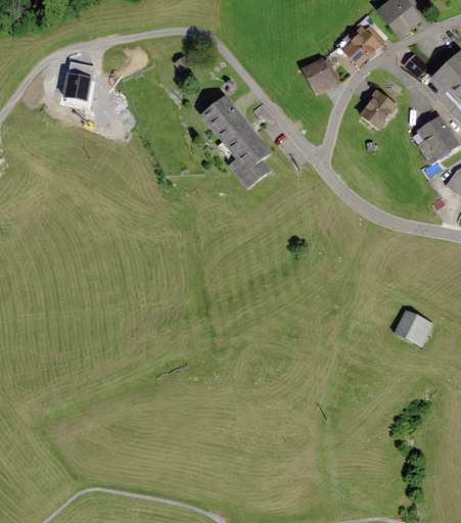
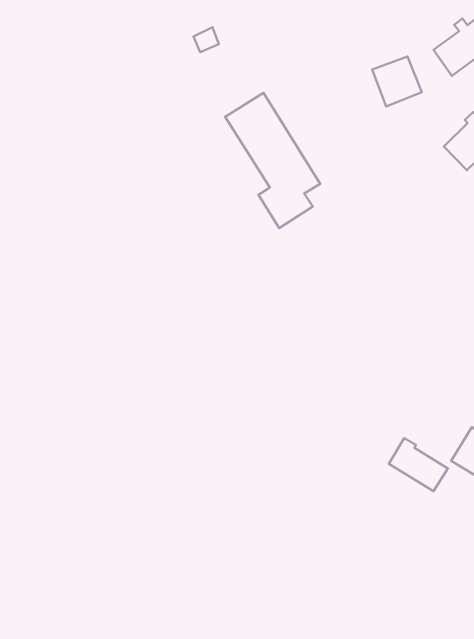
building: [59,61,89,97] -> none
building: none -> [389,438,448,491]

